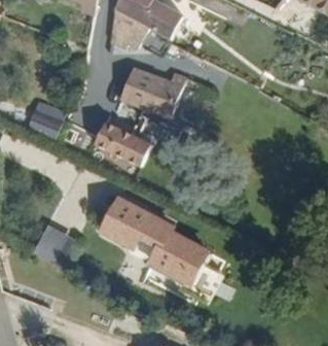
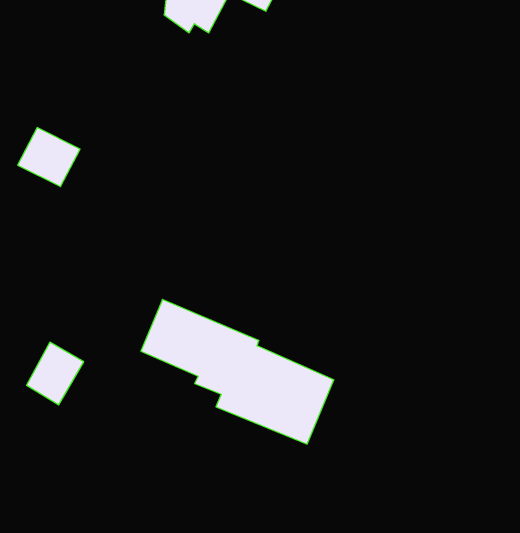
building: [116,68,183,122] -> none
building: [90,122,145,165] -> none

